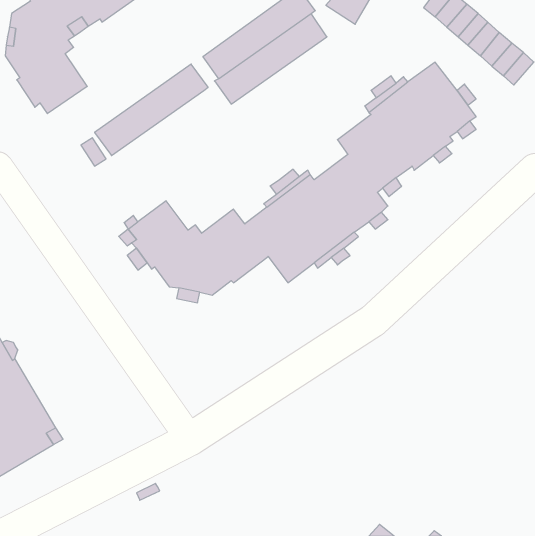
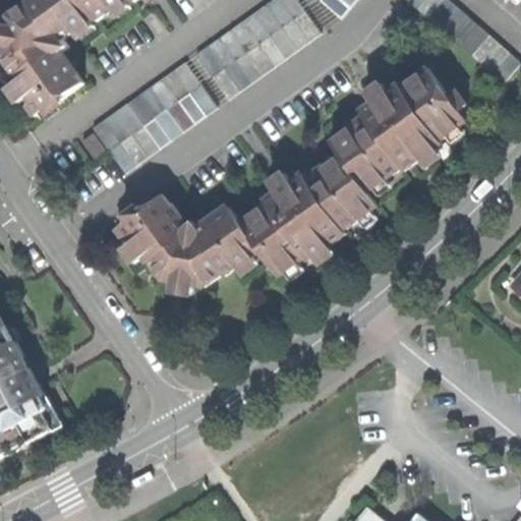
building: none -> [108,88,213,173]

